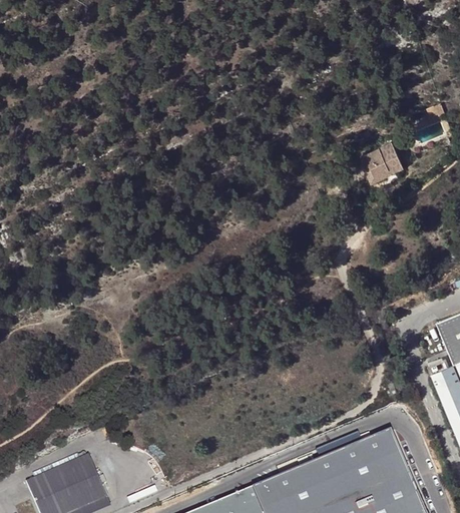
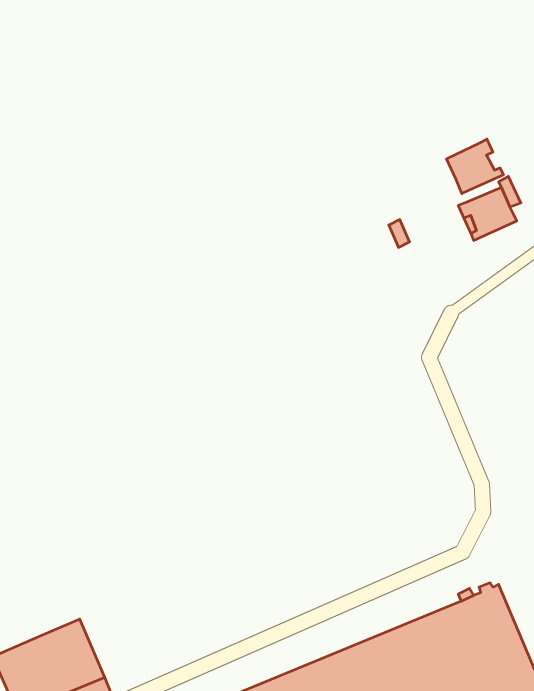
building: none -> [447,139,503,194]

